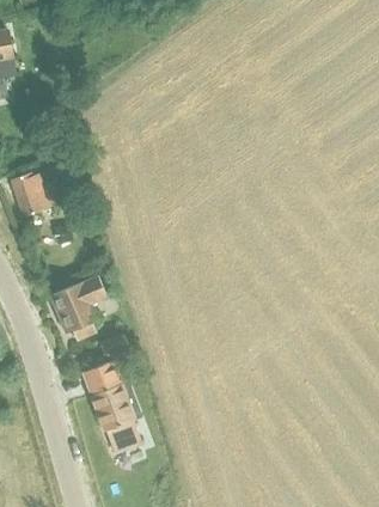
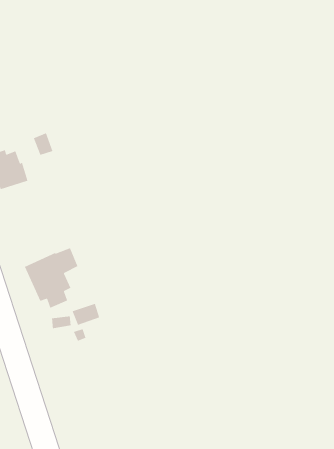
building: [88,383,139,453] -> none

